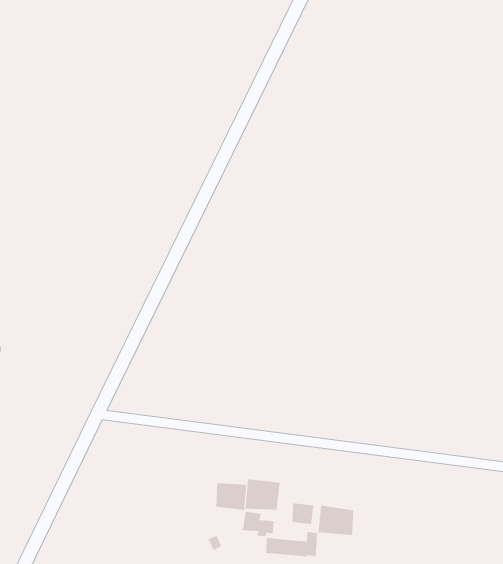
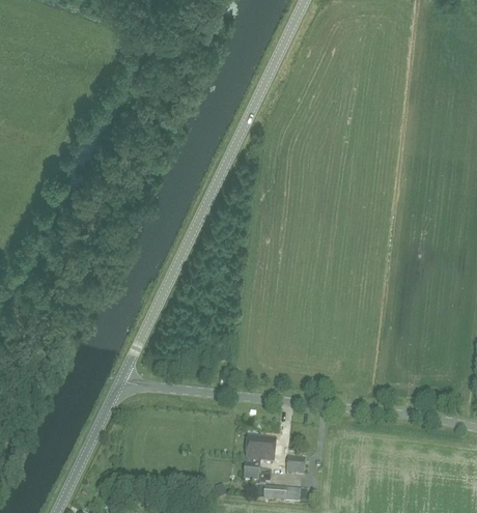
building: [216,482,247,511] -> none
building: [318,505,354,536] -> none

